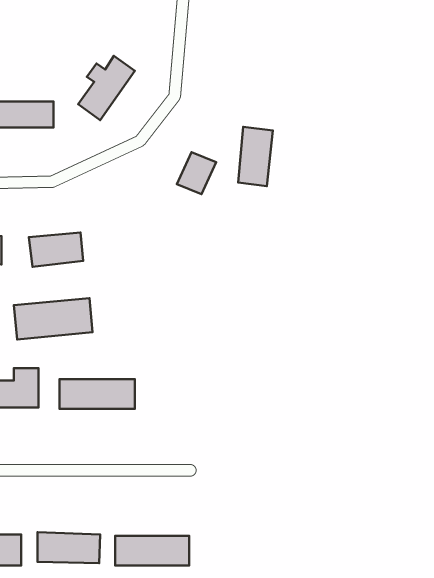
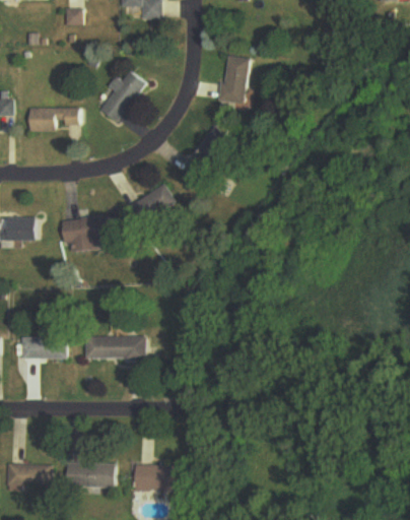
building: [238,127,273,186] -> [220,55,249,104]
building: none -> [130,183,176,223]
building: [14,298,93,339] -> none

